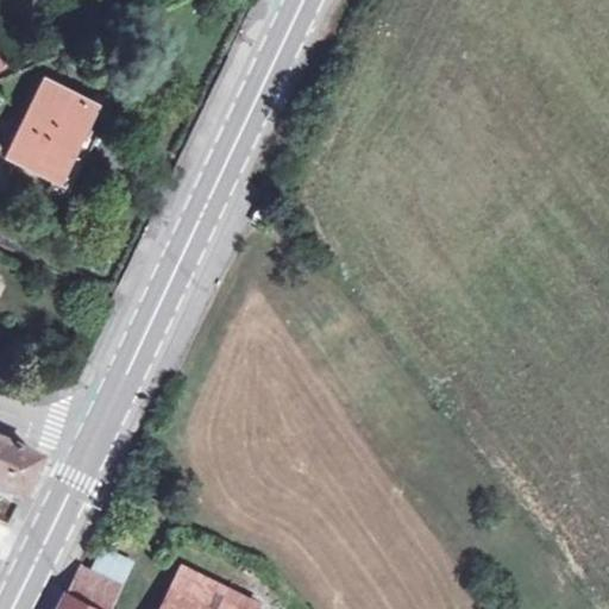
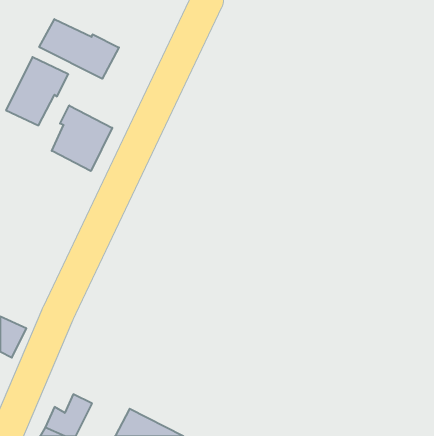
building: none -> [39,19,119,79]
building: none -> [52,105,112,171]

